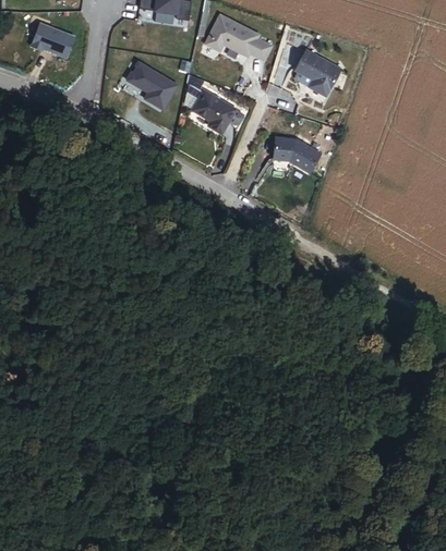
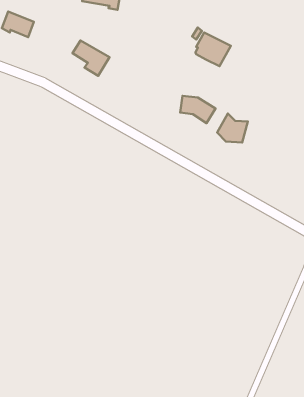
building: [204,14,273,61] -> none
building: [191,89,240,133] -> none
building: none -> [217,114,248,142]

